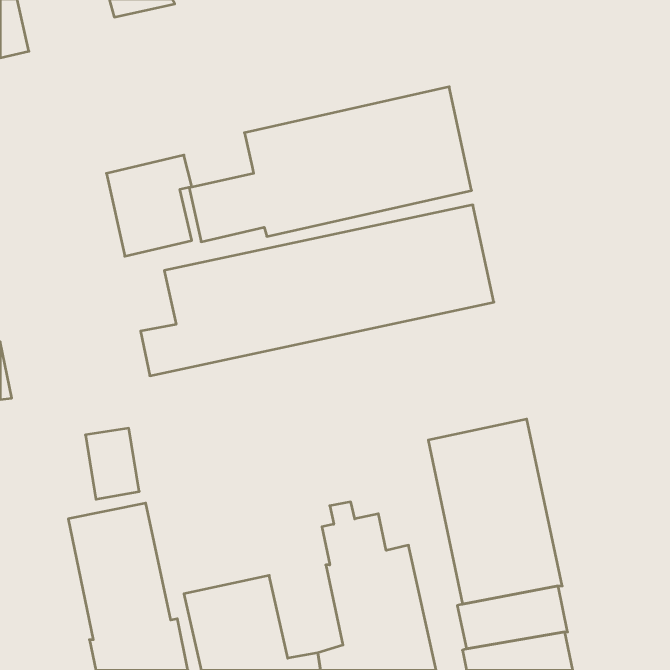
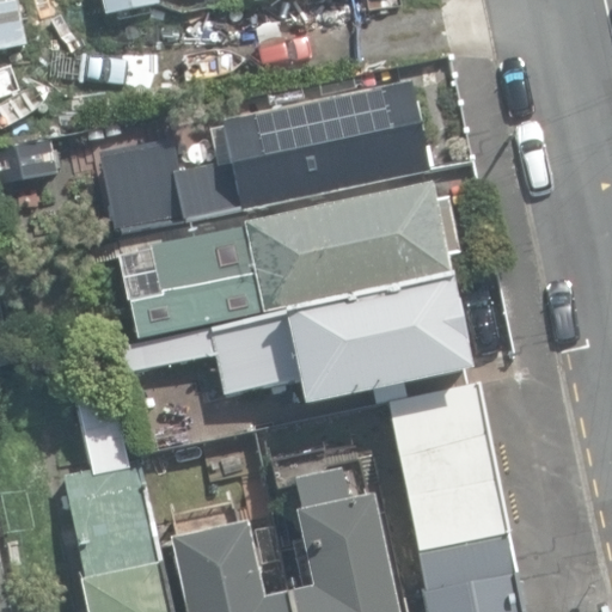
building: none -> [122,283,476,409]

